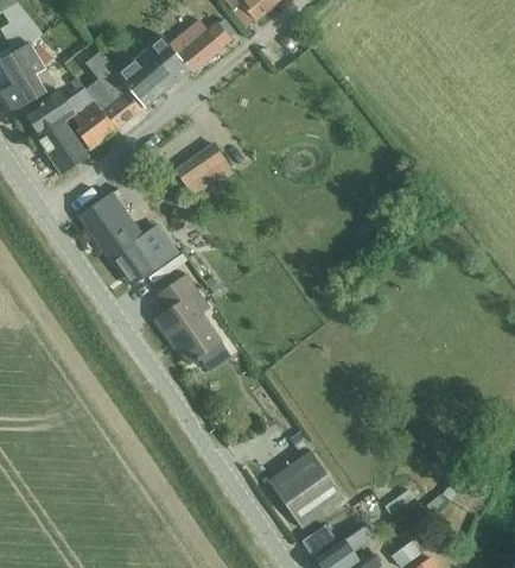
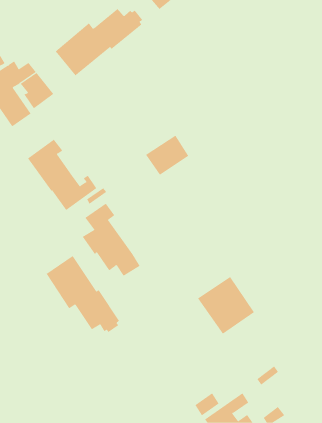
building: [71,51,144,130] -> none
building: [176,140,234,194] -> [145,135,189,175]
building: none -> [46,255,120,333]
building: [267,450,343,528] -> [197,276,255,335]

